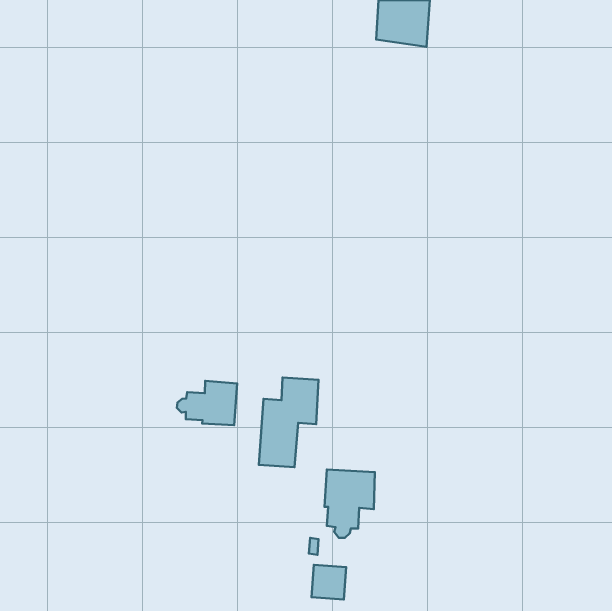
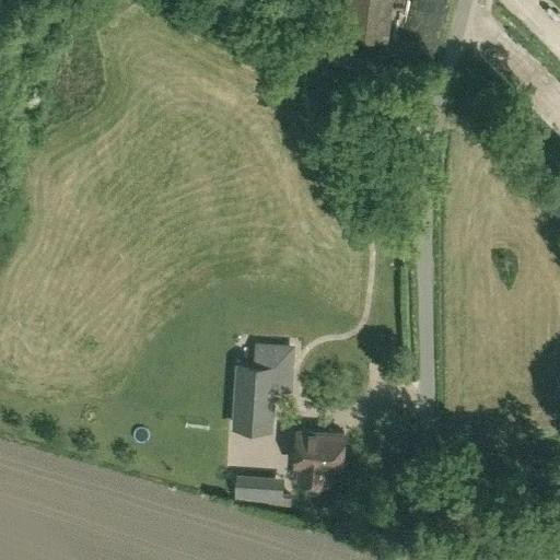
building: [177,381,237,425] -> none
building: [312,565,346,600] -> [235,474,267,505]

